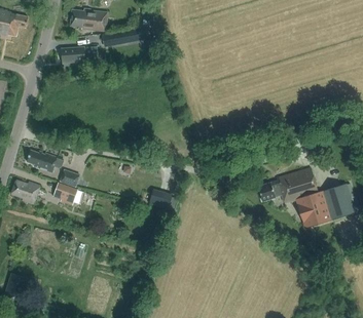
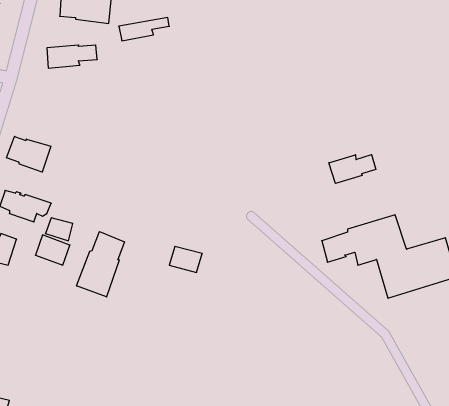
building: none -> [7,136,51,172]
building: none -> [329,155,376,183]
building: none -> [77,232,124,297]

